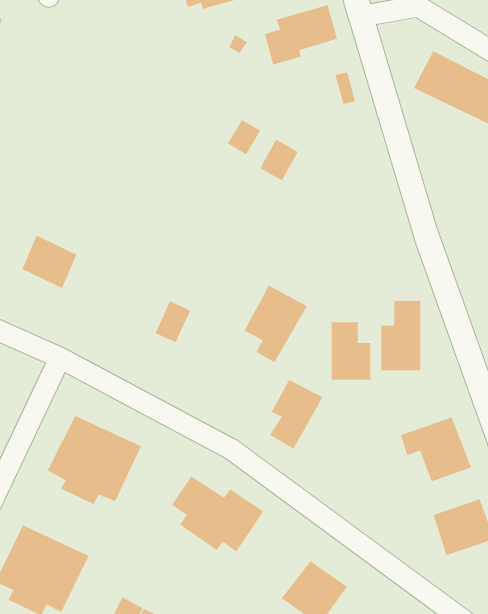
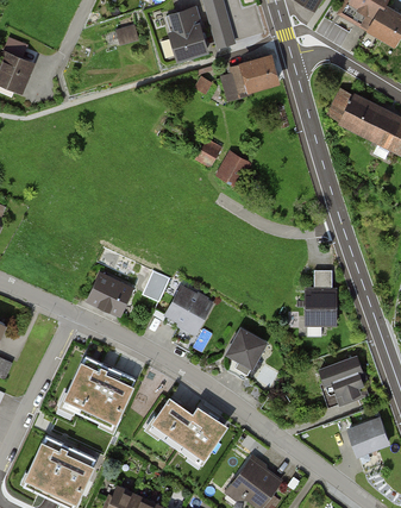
building: [21,235,77,289] -> [88,274,129,313]
building: [244,285,308,363] -> [162,288,208,345]
building: [331,321,371,380] -> none

